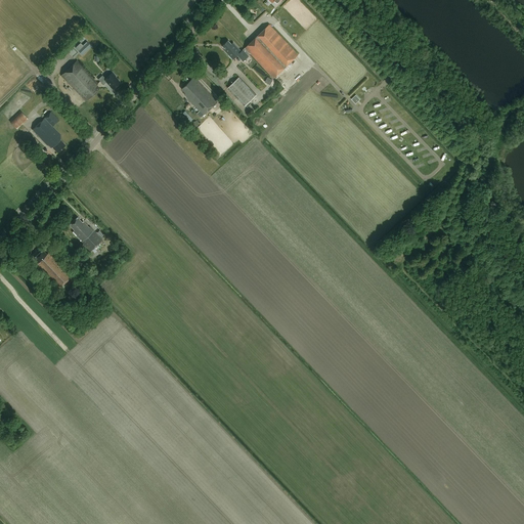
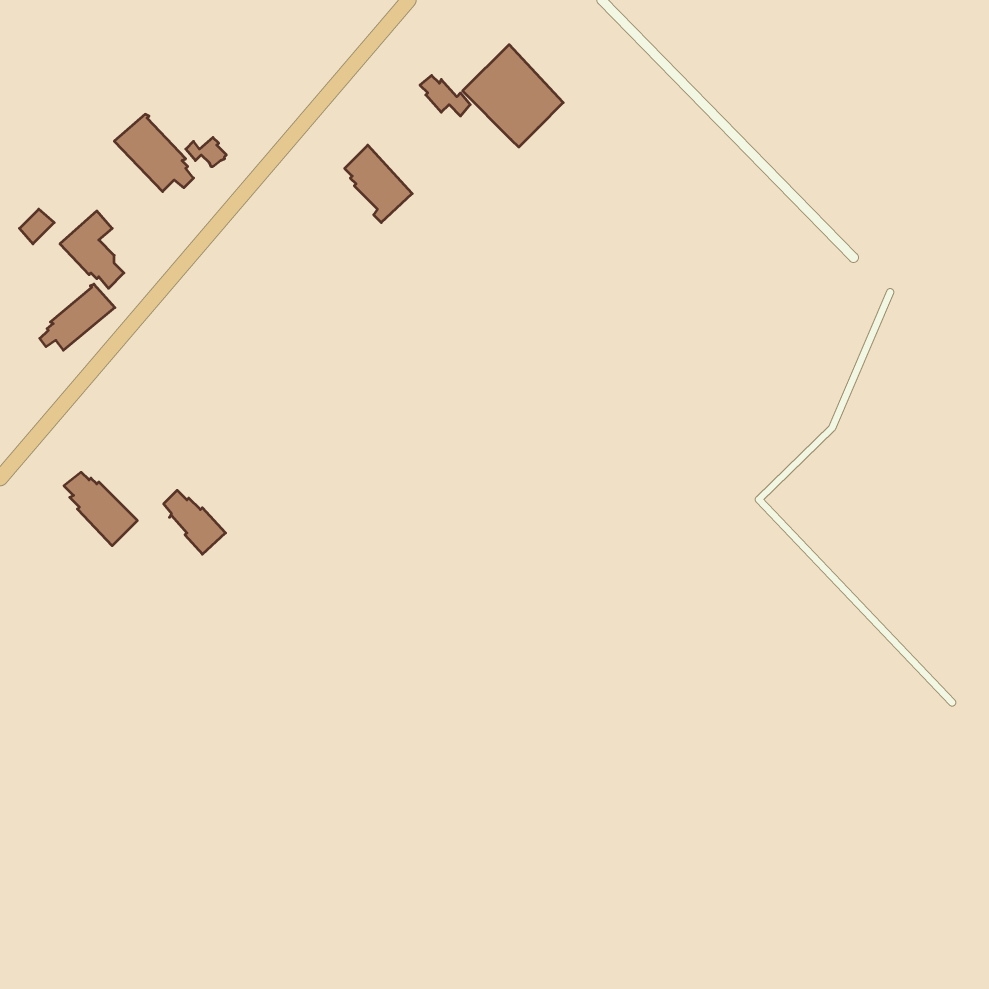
building: [228,77,256,105] -> none
building: none -> [40,284,115,350]
building: [70,217,102,251] -> [164,490,226,554]

